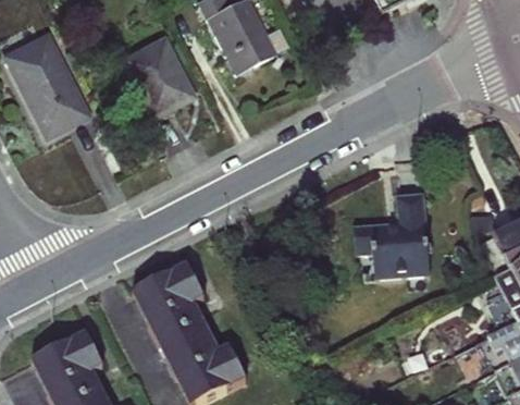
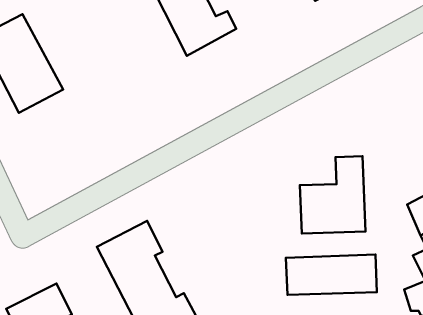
building: [115,32,197,120] -> none
building: none -> [286,254,377,295]

